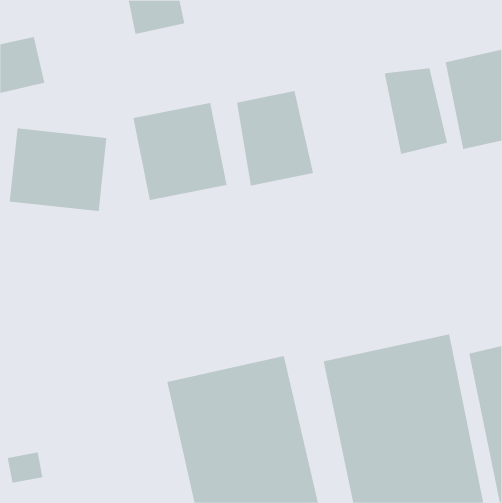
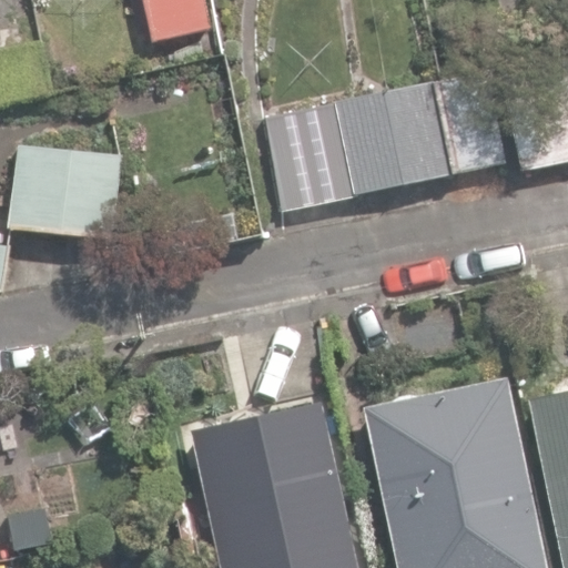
building: none -> [333,82,452,195]
building: [133,102,227,201] -> none

